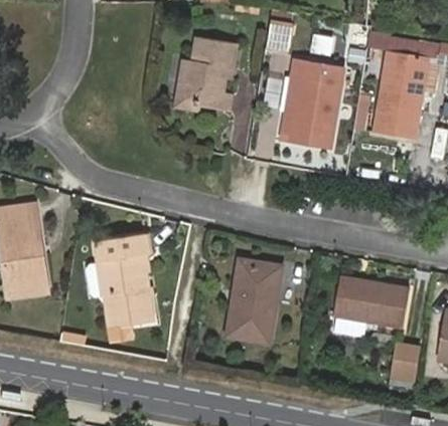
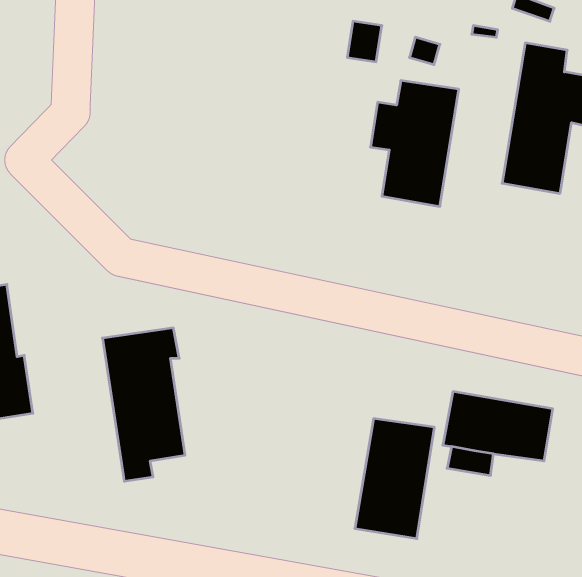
building: [177,37,233,110] -> none
building: [226,259,281,343] -> [355,419,434,539]
building: [390,343,420,381] -> none

